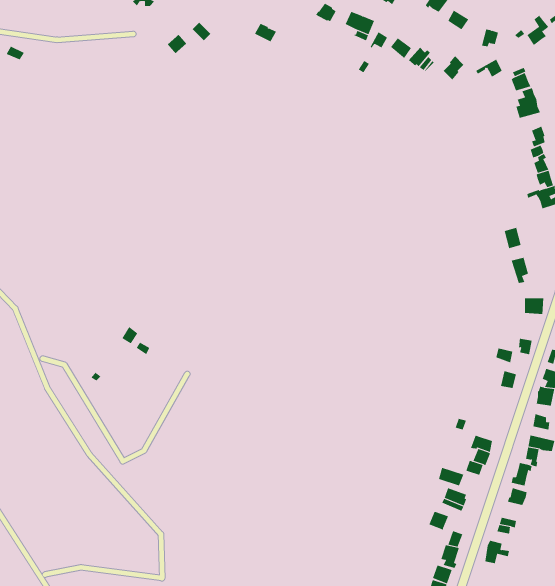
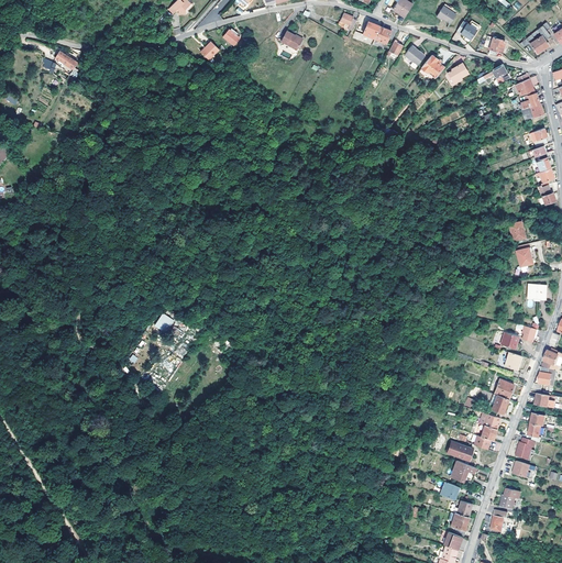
building: none -> [488,379,514,416]

